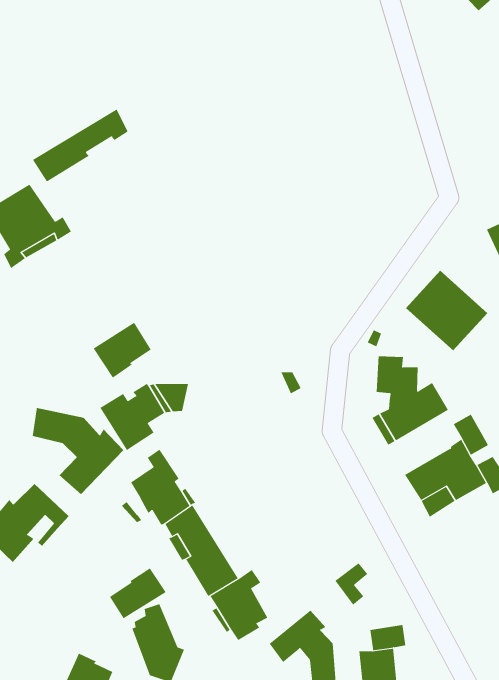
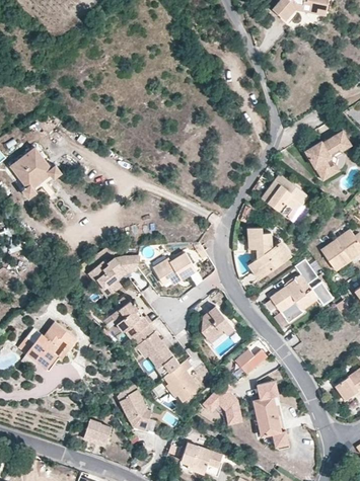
building: [32,108,129,182] -> none
building: [93,322,152,379] -> none
building: none -> [153,253,197,287]
building: [32,407,124,495] -> none
building: none -> [202,308,234,343]
building: [109,567,166,619] -> none

